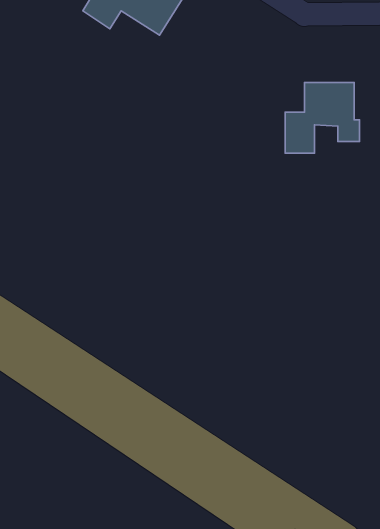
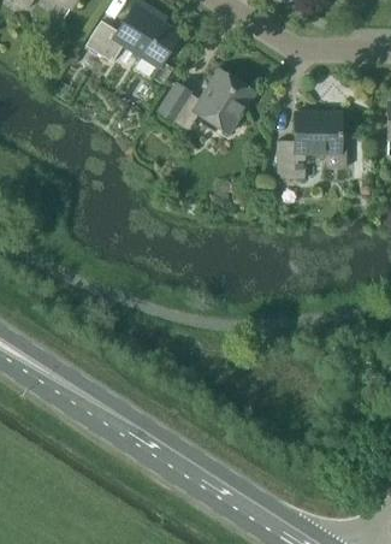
building: none -> [158,70,255,135]

